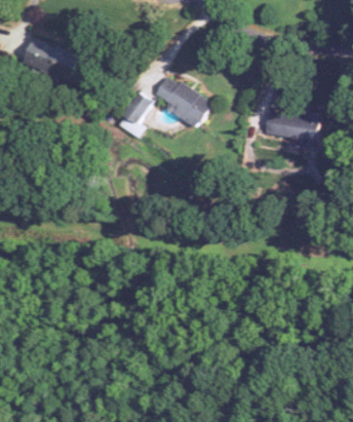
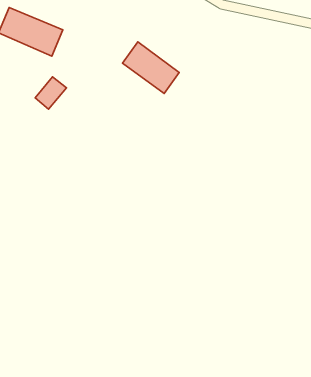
building: [119,91,151,124] -> [35,77,67,109]
building: [263,108,318,144] -> none

